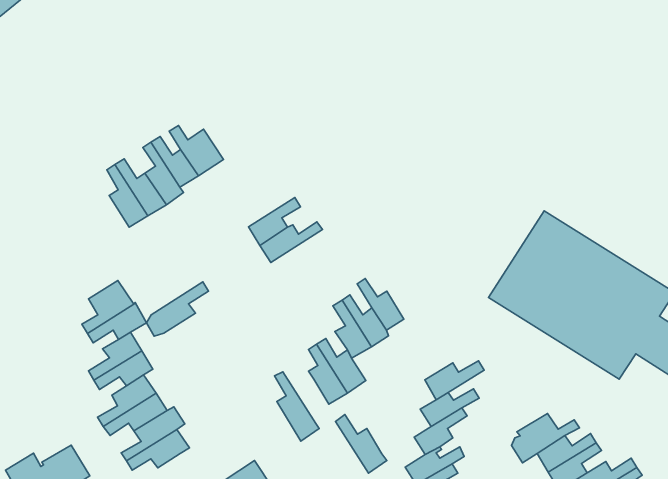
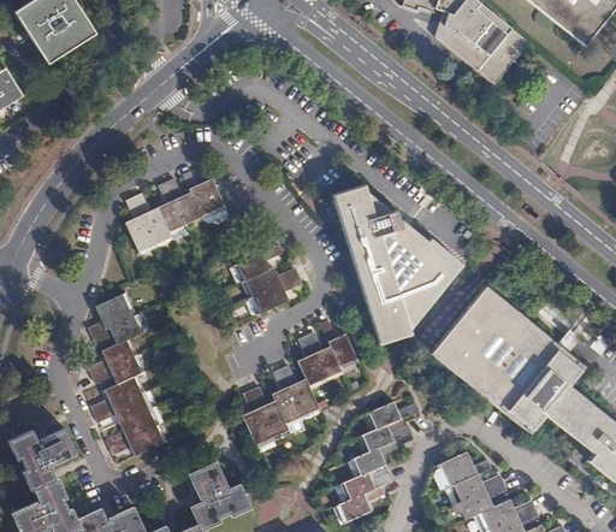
building: none -> [333,185,463,344]
building: [147,282,208,336] -> [248,276,303,315]
building: [336,414,387,473] -> [250,385,289,437]

